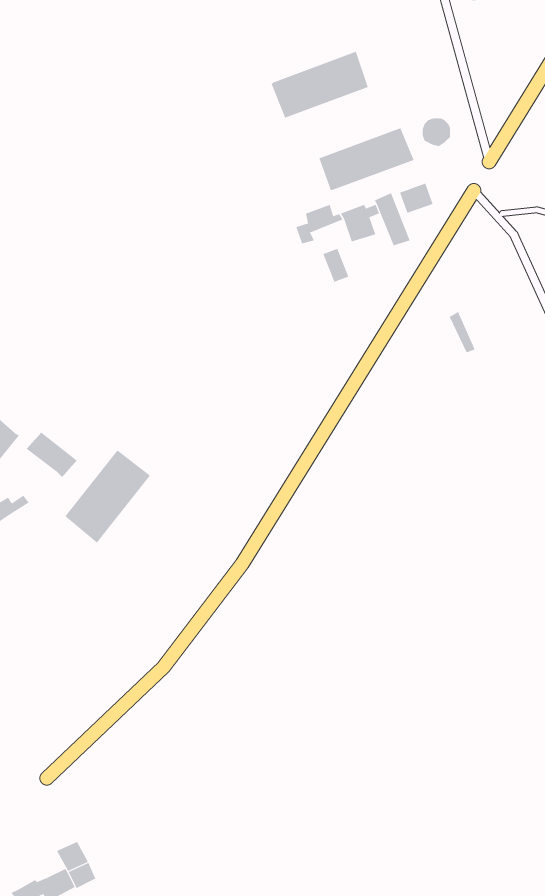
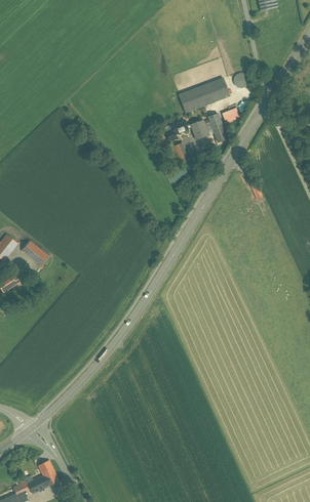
building: [271,51,369,119] -> none
building: [65,450,150,543] -> none

